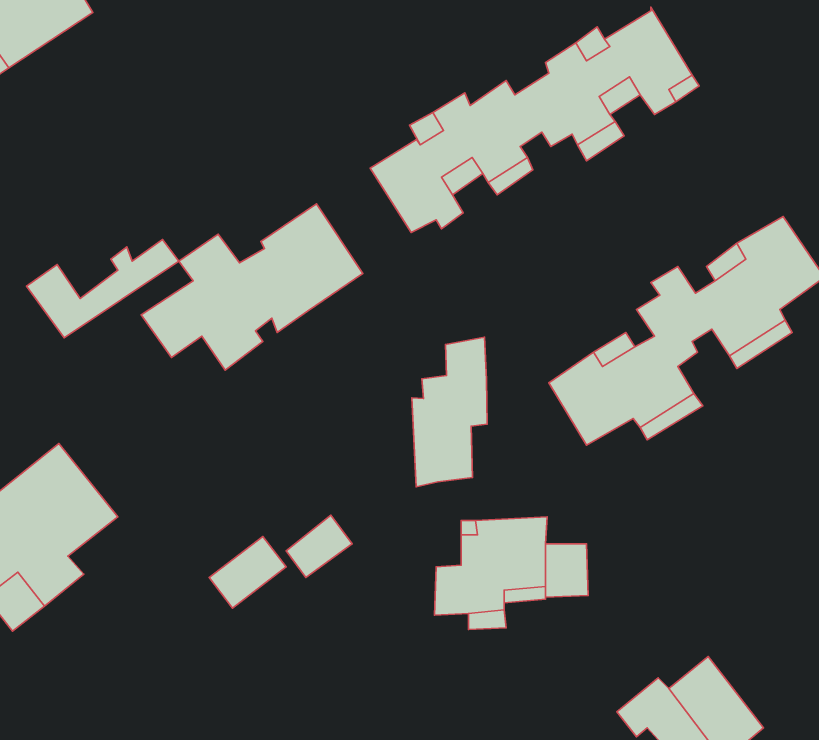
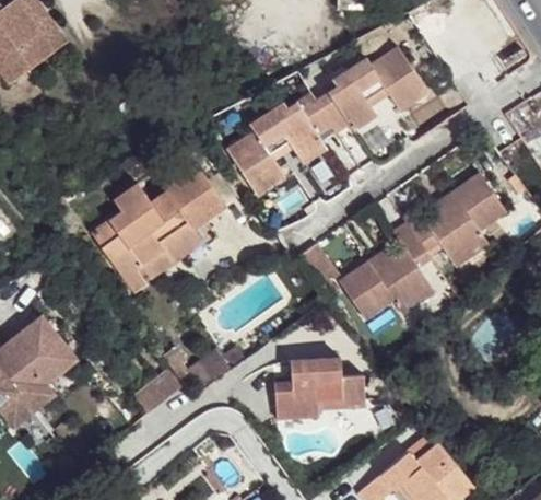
building: [27,240,179,338] -> [109,232,202,292]
building: [412,337,487,487] -> none

